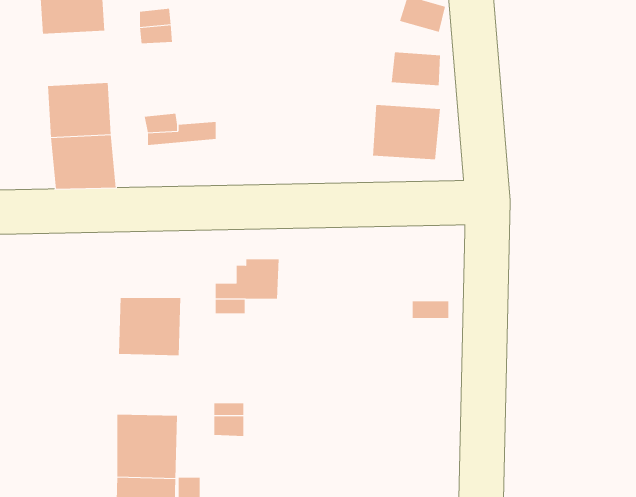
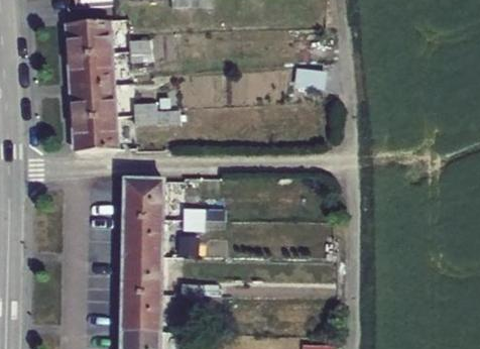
building: none -> [74,54,115,89]
building: [372,104,441,160] -> none
building: none -> [122,177,161,221]
building: none -> [120,256,159,295]

